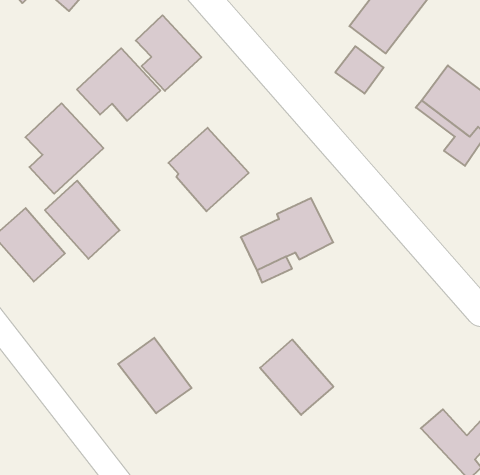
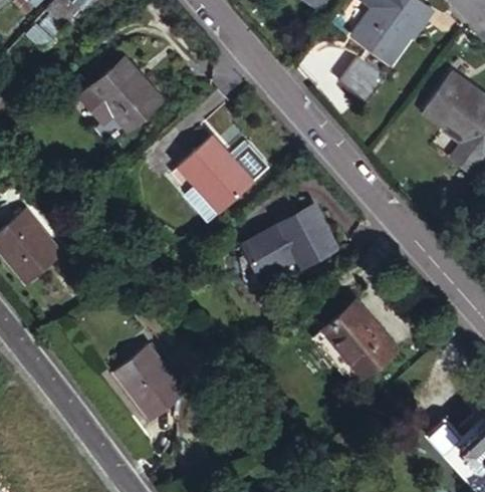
building: [136,15,201,91] -> none
building: [25,103,103,194] -> none
building: [45,181,120,259] -> none
building: [260,340,333,415] -> [327,301,401,377]

